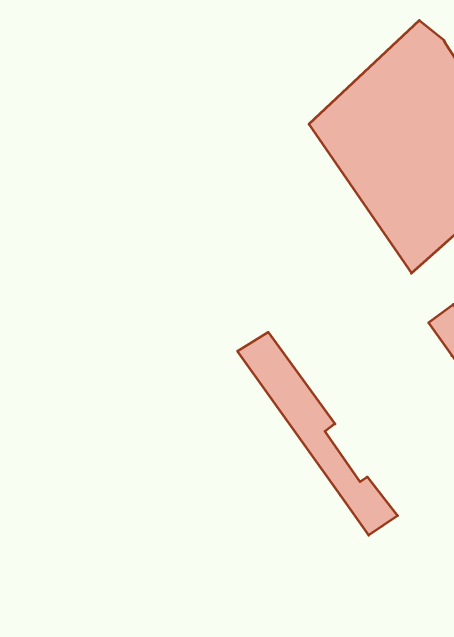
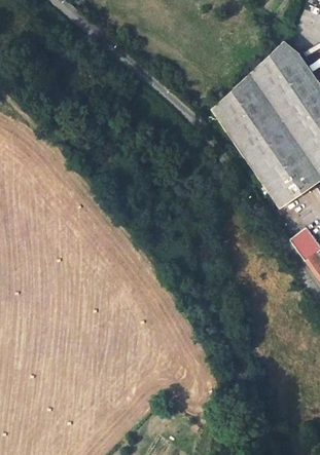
building: [238,332,398,535] -> none

